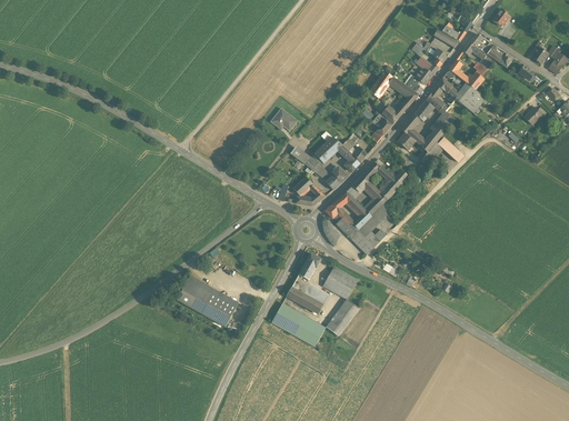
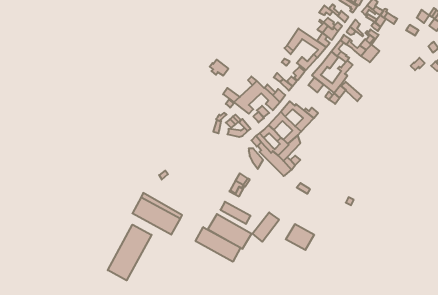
building: [323,267,359,299] -> [286,224,314,250]
building: none -> [108,225,152,280]
building: none -> [196,227,240,262]

